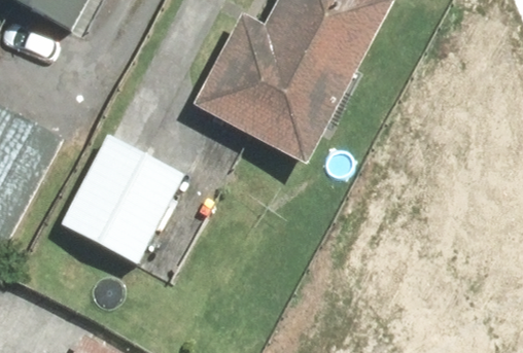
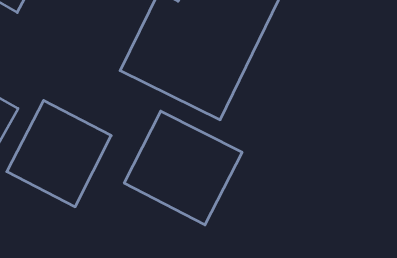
building: none -> [124,111,242,225]

